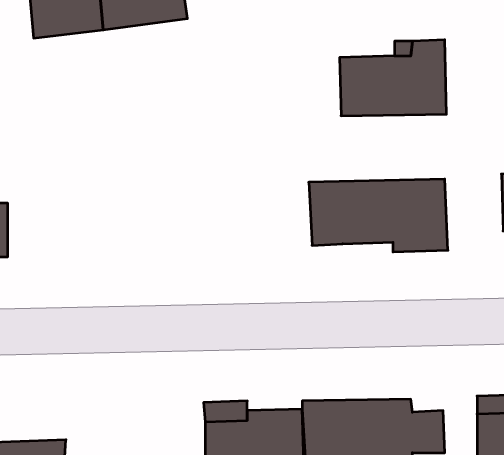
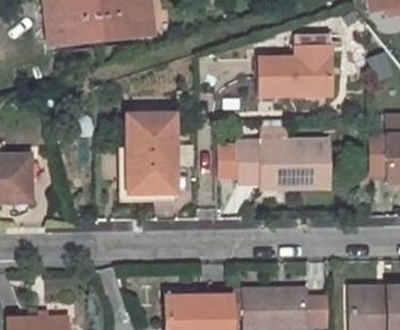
building: none -> [127,115,176,195]

